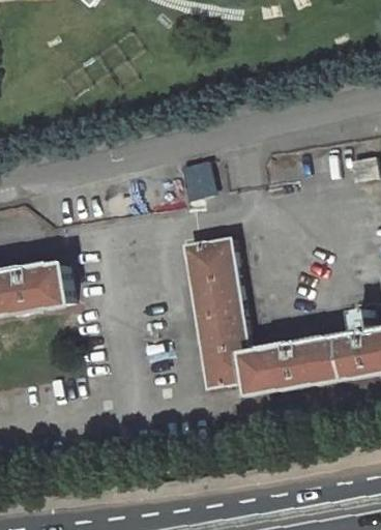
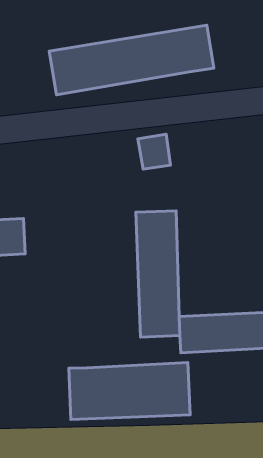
building: none -> [49,25,214,95]
building: none -> [69,362,190,419]

